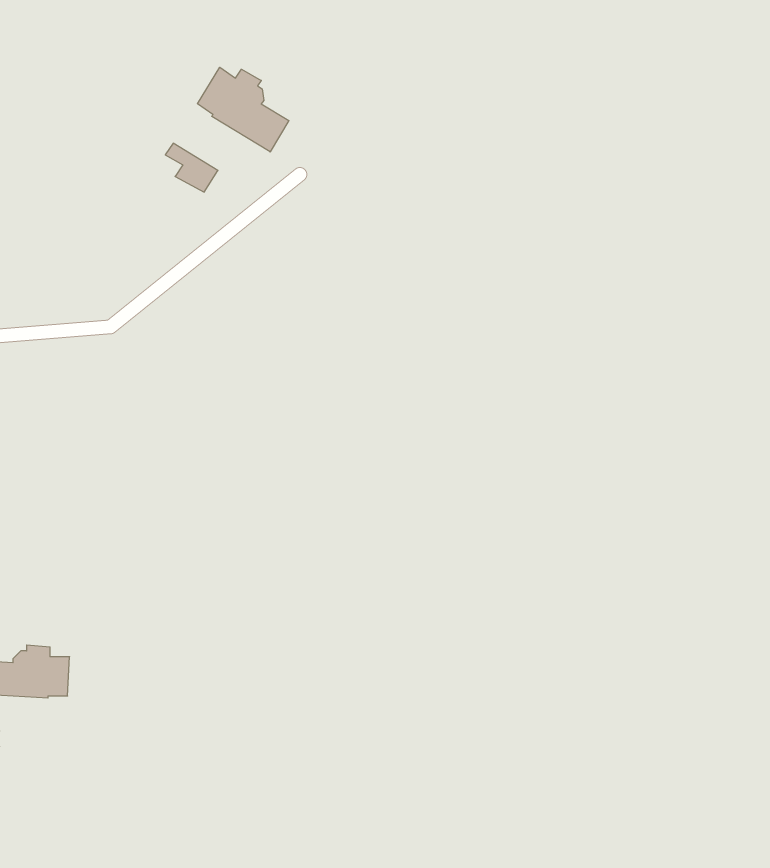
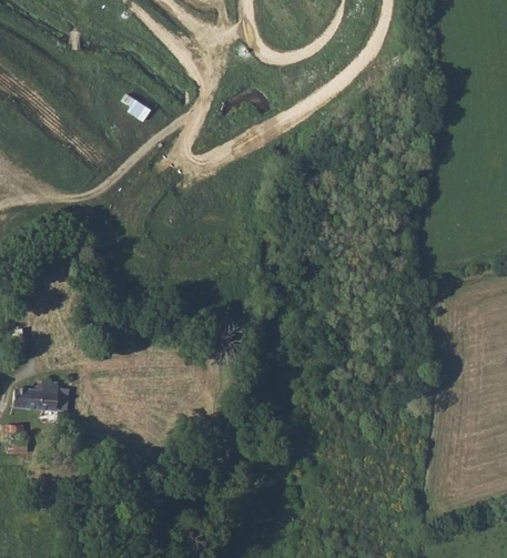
building: [197,67,289,152] -> none

